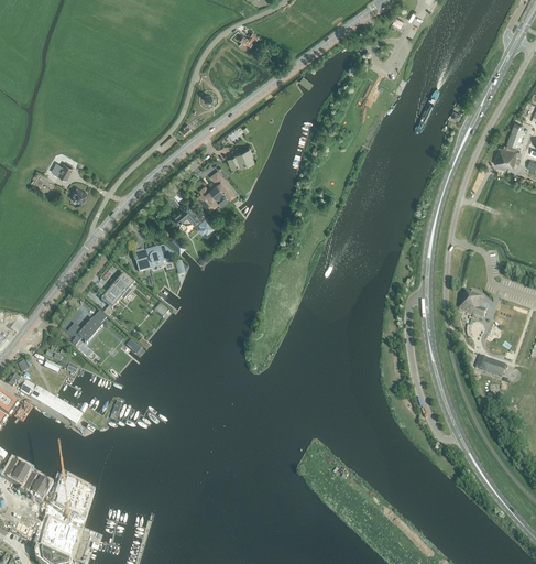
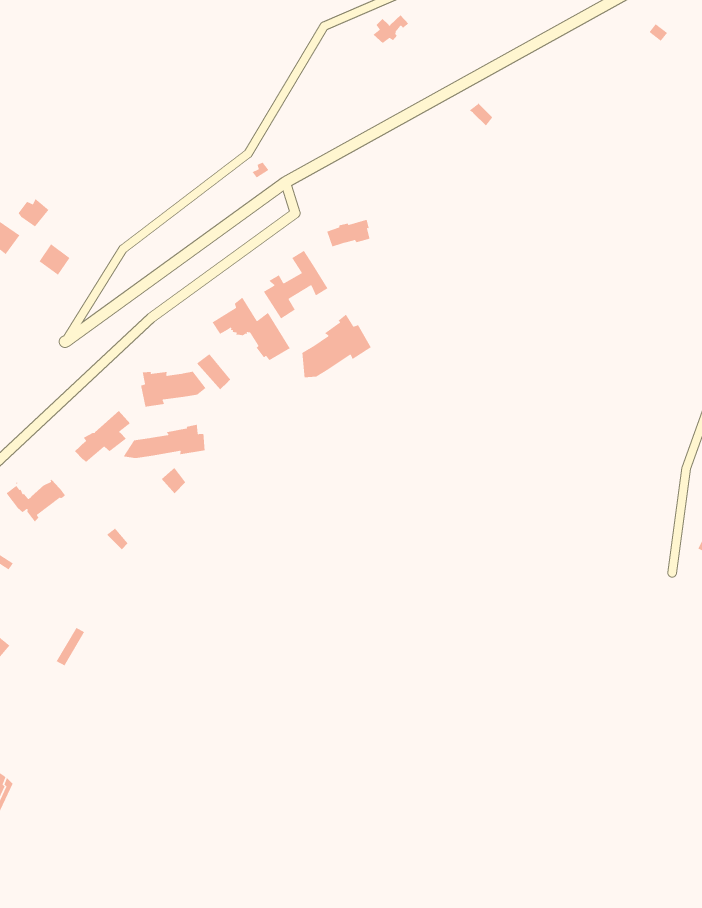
building: none -> [302,314,372,378]
building: none -> [122,424,205,459]

